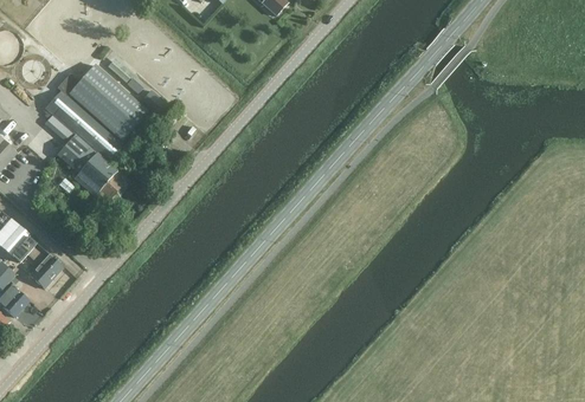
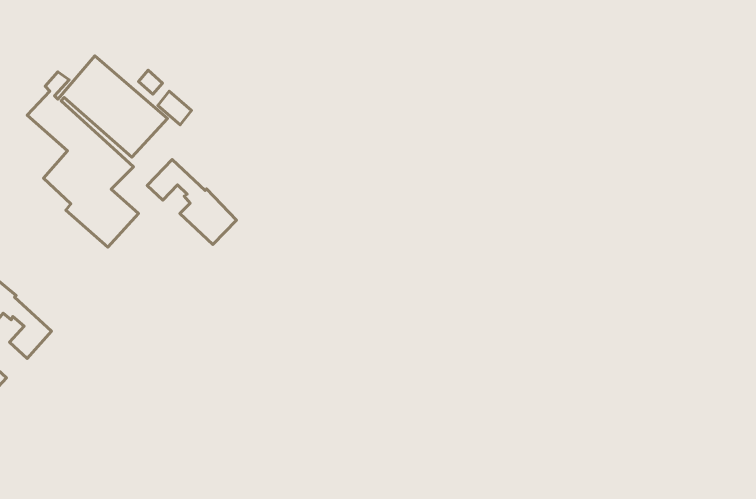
building: none -> [147,159,237,245]

